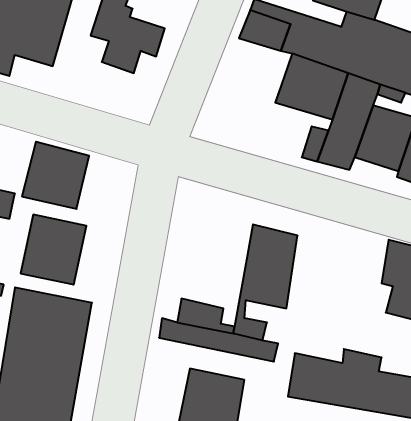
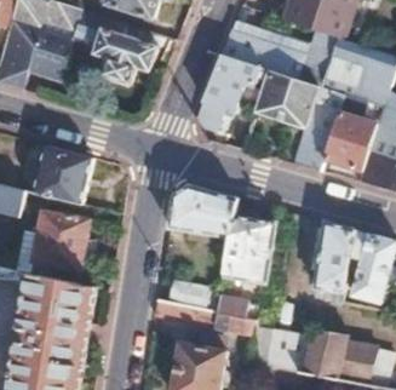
building: none -> [197,56,269,128]
building: none -> [168,185,237,245]
building: none -> [315,222,352,291]

